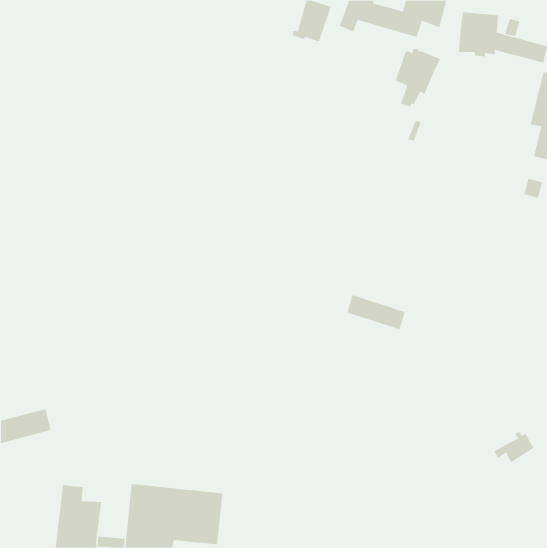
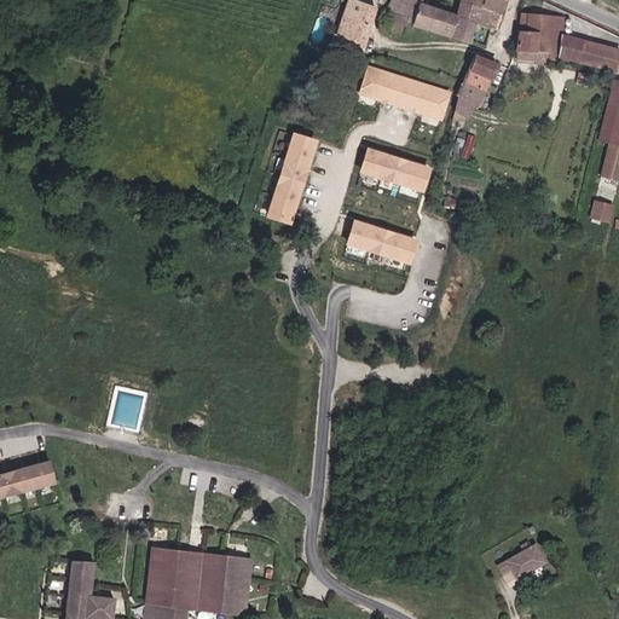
building: none -> [361,70,450,118]
building: none -> [270,135,316,222]
building: none -> [361,151,429,190]
building: [346,295,405,330] -> [349,222,416,262]
building: [494,431,534,463] -> [498,540,544,577]

